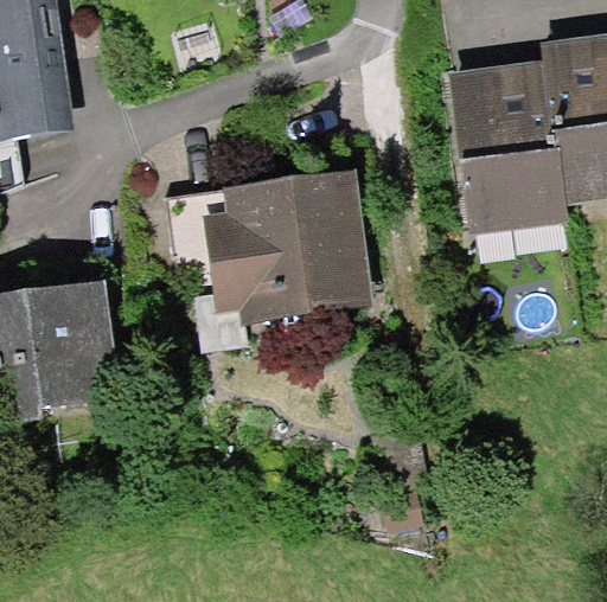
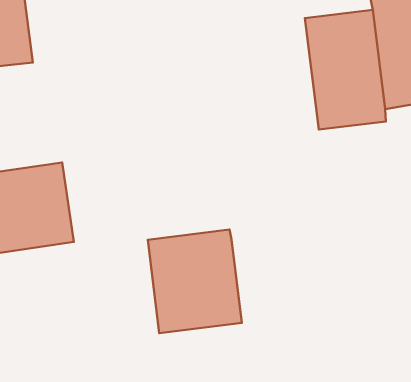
building: [200,171,365,321] -> none
building: none -> [148,229,242,333]

